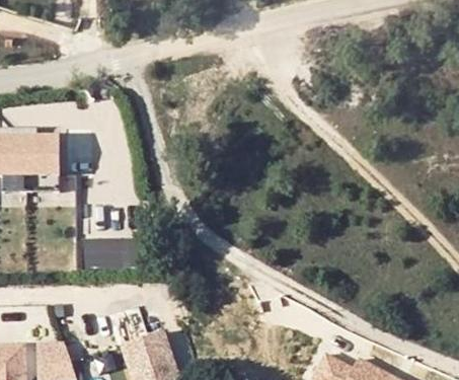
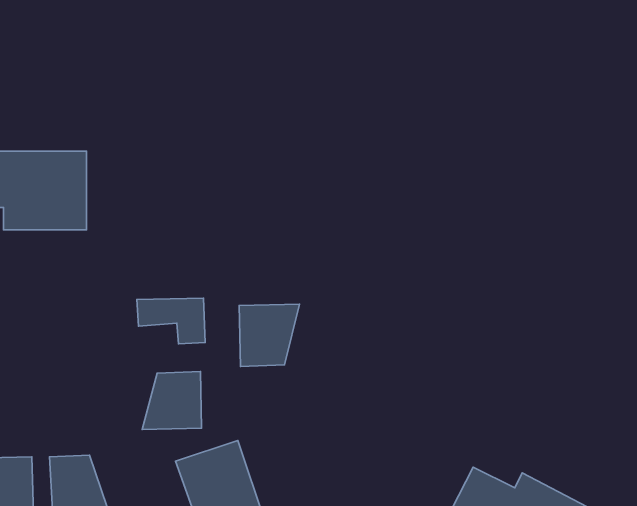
building: none -> [239,304,300,366]
building: none -> [142,371,202,430]

